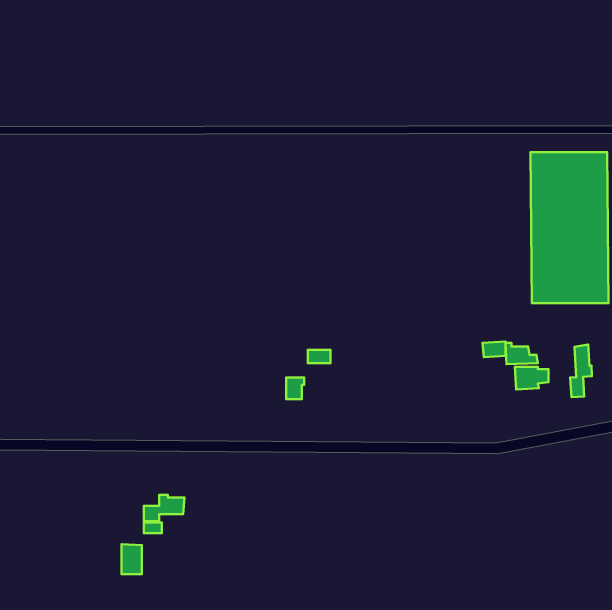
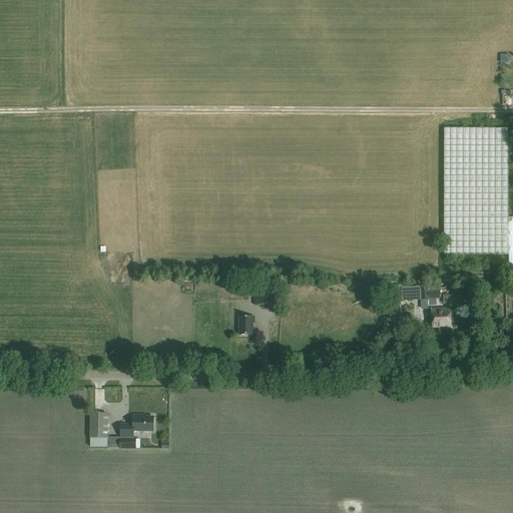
building: [570,344,592,397] -> none
building: [121,544,142,574] -> [90,412,107,437]

